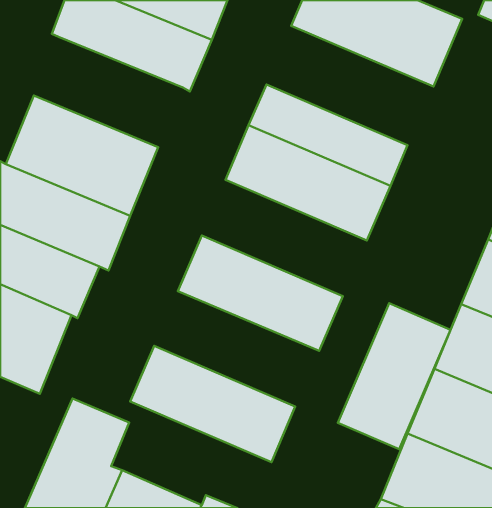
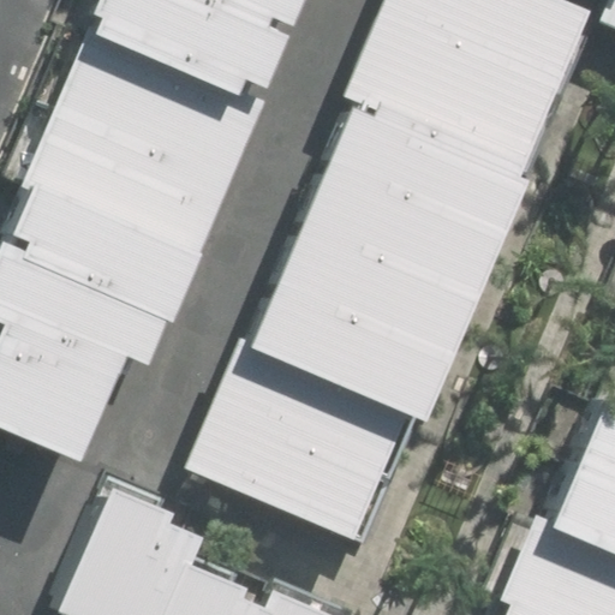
building: none -> [341,31,543,175]
building: none -> [60,44,240,178]
building: none -> [263,217,462,358]
building: none -> [205,352,405,491]
building: [338,303,451,449] -> none

